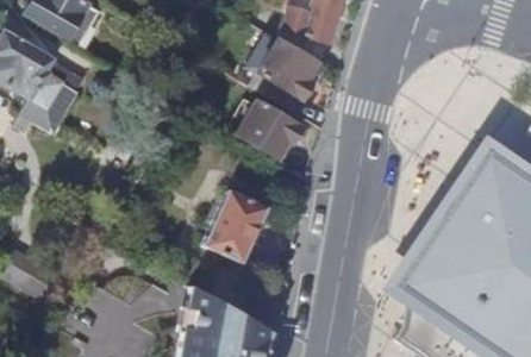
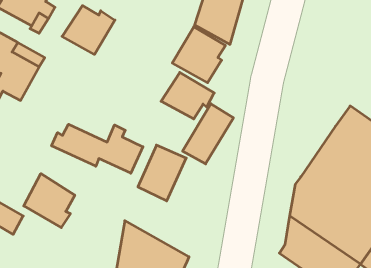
building: none -> [62,6,115,54]
building: none -> [183,104,233,164]
building: none -> [52,124,143,173]
building: none -> [24,174,75,228]

